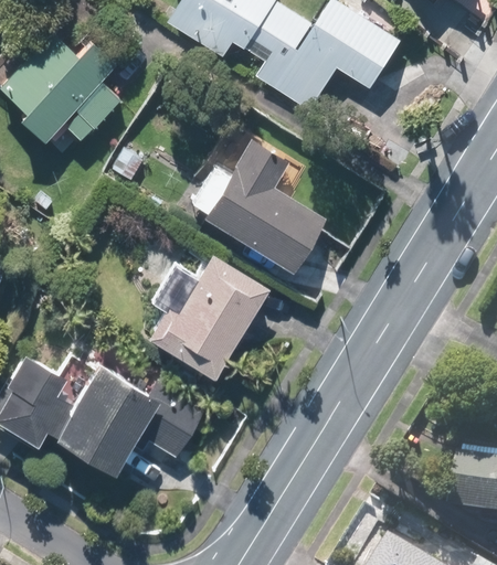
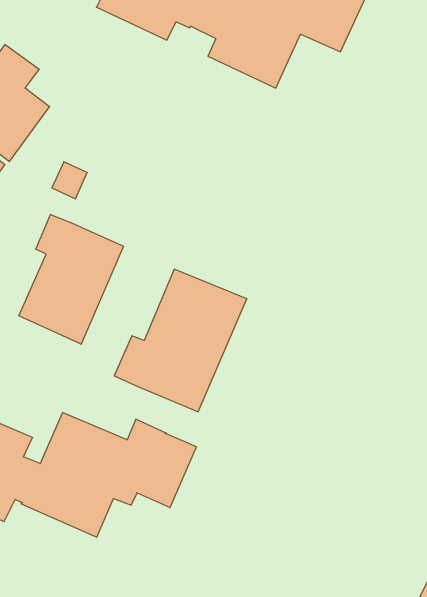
building: [202,139,325,274] -> none
building: none -> [19,214,124,344]

